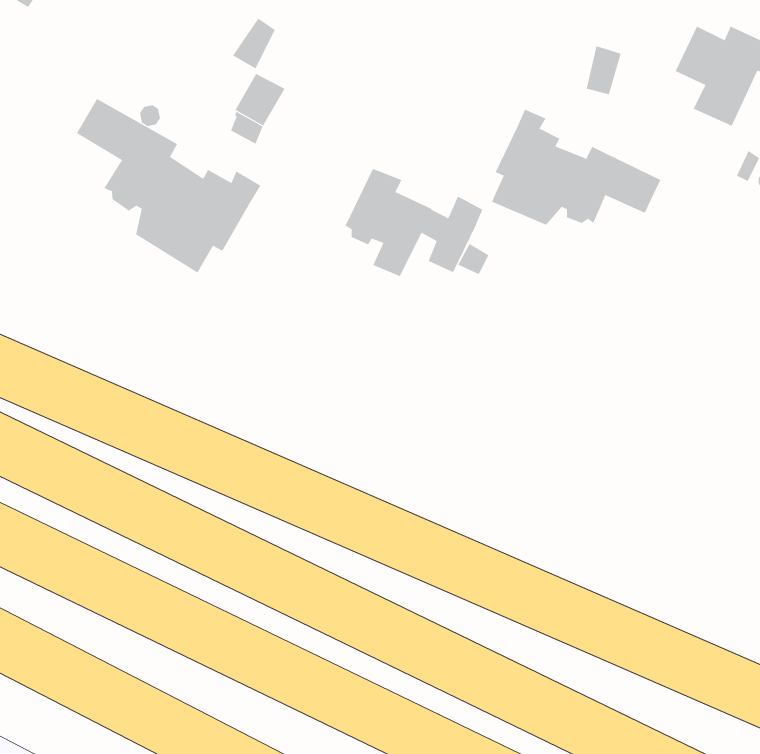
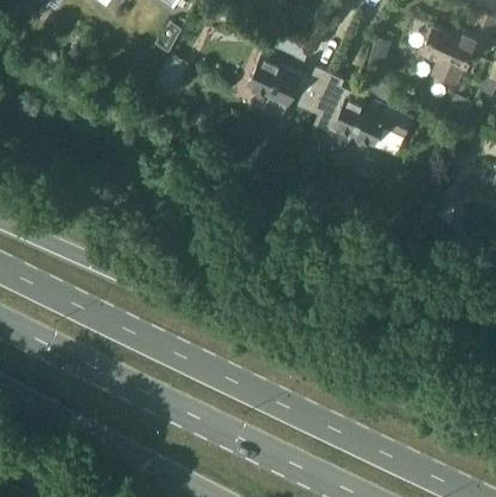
building: [76,98,261,273] -> none
building: [345,168,483,277] -> [249,51,332,116]

